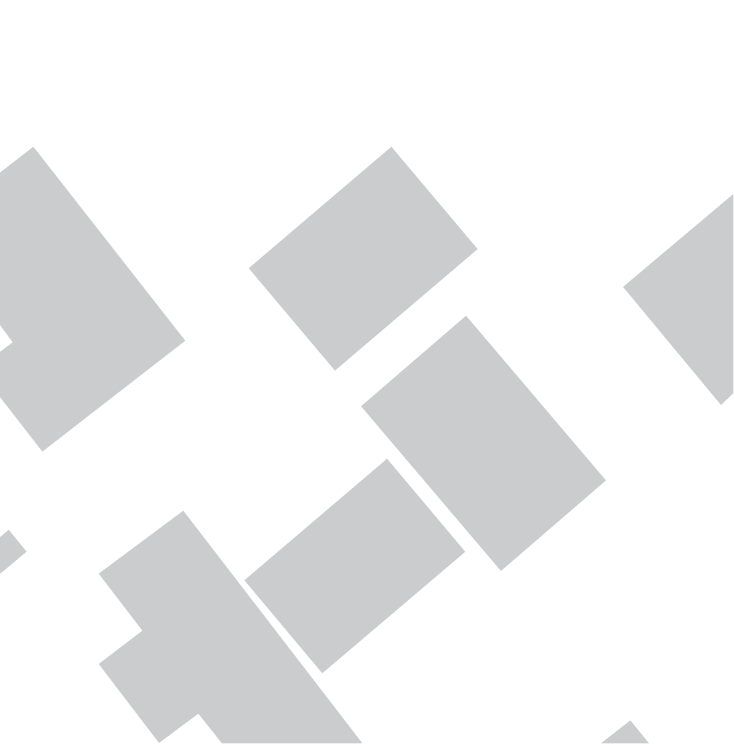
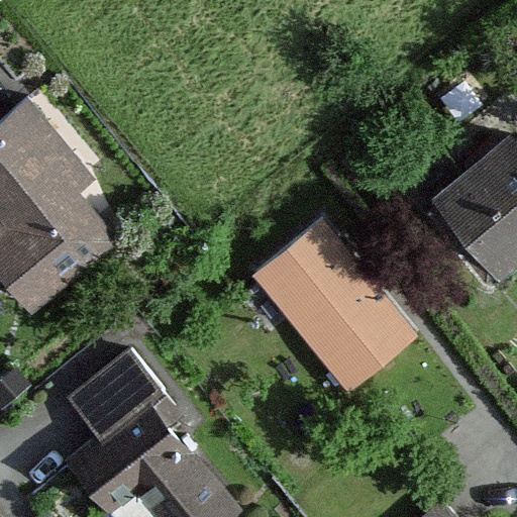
building: [248,145,479,372] -> none
building: [243,457,466,674] -> none

